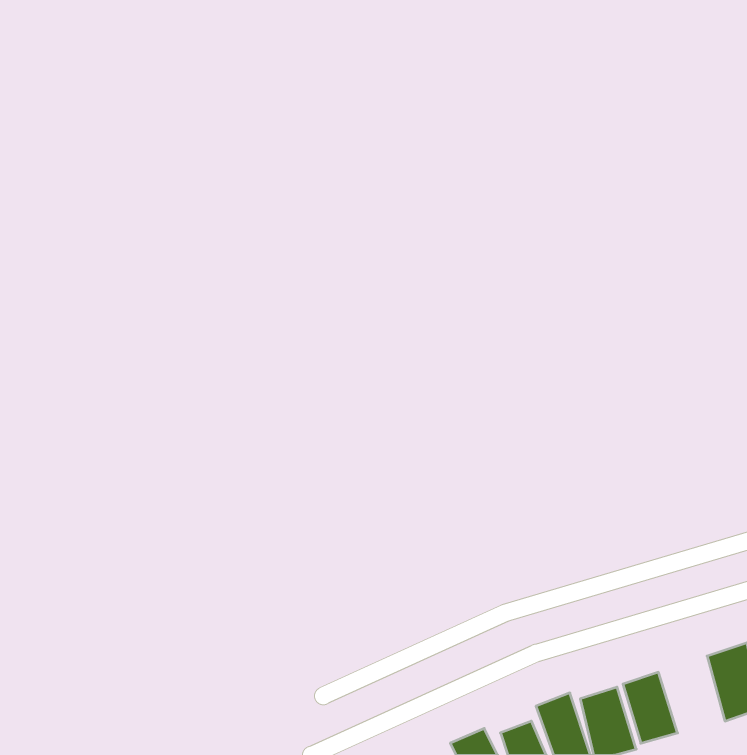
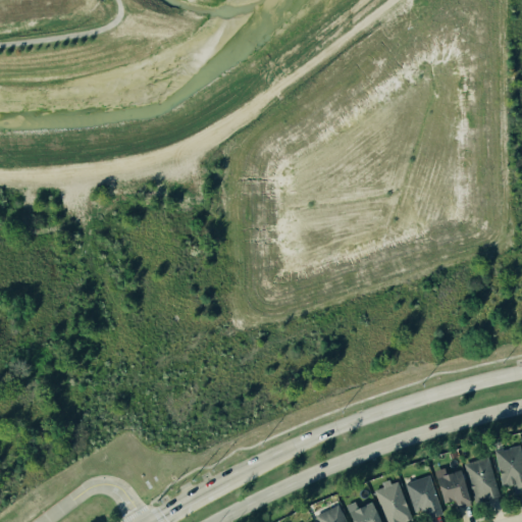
building: none -> [465,456,502,504]

